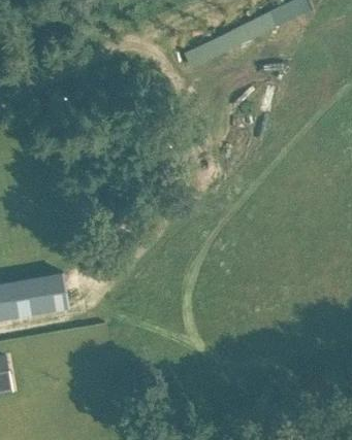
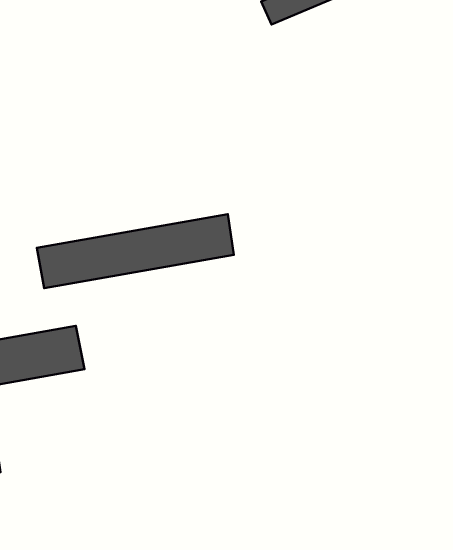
building: none -> [37,214,234,288]

